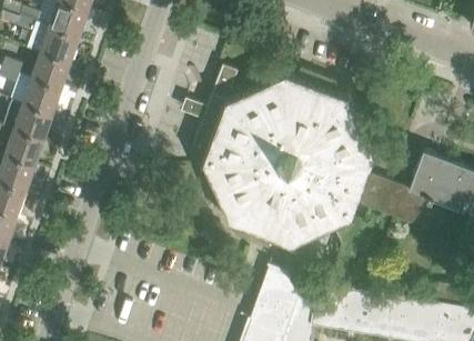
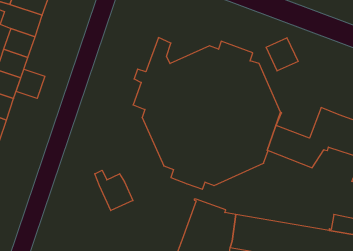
building: none -> [266,38,298,71]
building: none -> [16,69,45,98]
building: none -> [95,170,133,211]

